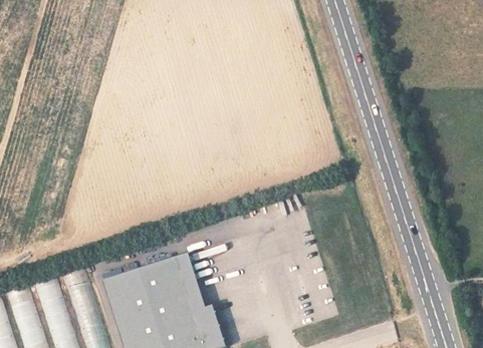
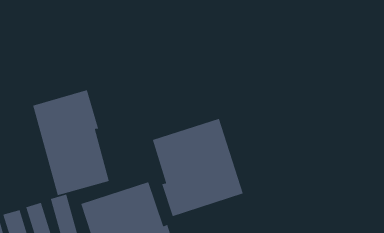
building: none -> [32,89,110,196]
building: none -> [152,118,244,217]

